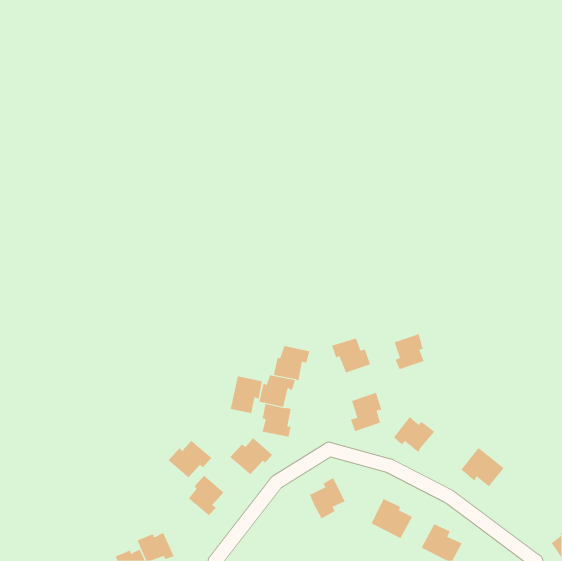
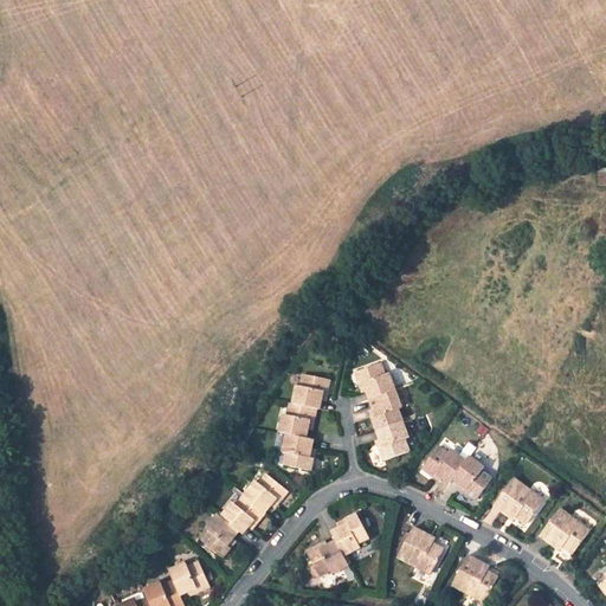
building: [394,333,425,370] -> [370,391,404,430]
building: [230,375,263,414] -> none
building: none -> [451,457,494,504]
building: [168,440,212,478] -> [221,490,269,530]
building: none -> [535,510,584,553]
building: none -> [307,541,349,576]
building: none -> [172,554,213,588]

